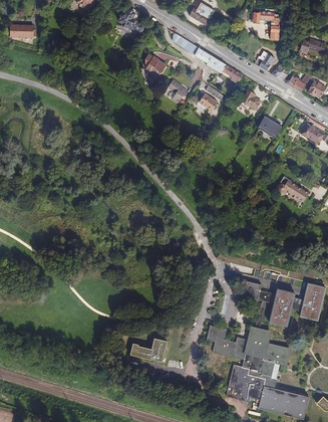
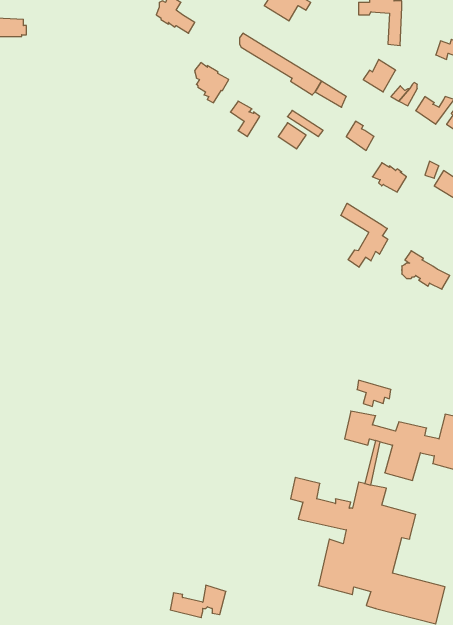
building: none -> [341,203,388,267]
building: [130,338,167,359] -> [170,585,226,618]

